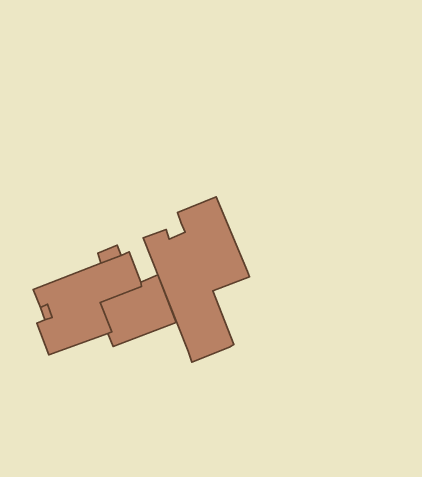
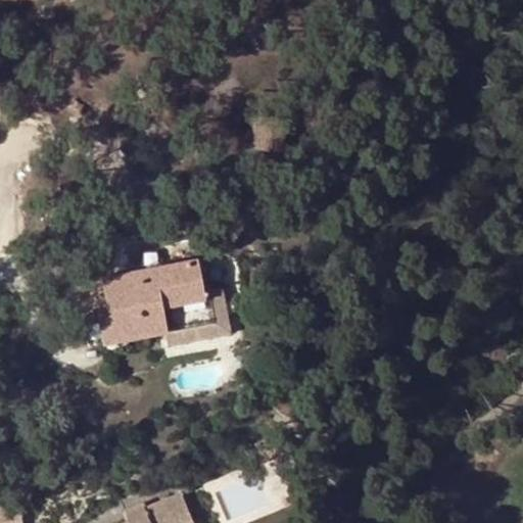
building: [143,197,249,362] -> none

